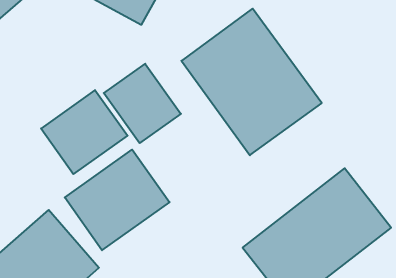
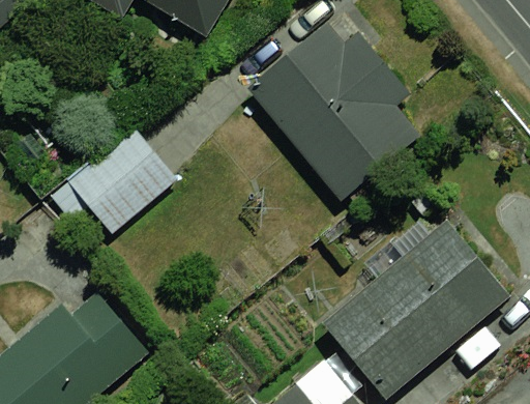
building: [104,64,181,143] -> none
building: [65,150,170,250] -> none

